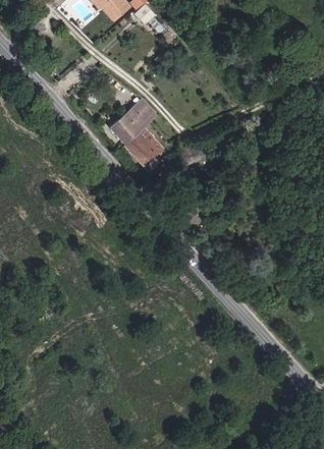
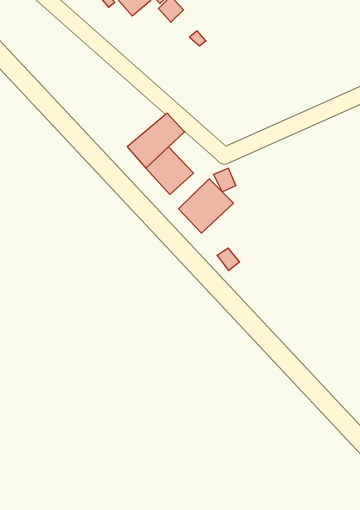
building: none -> [179,179,233,233]

